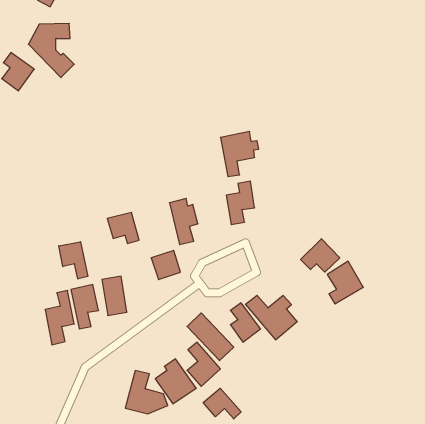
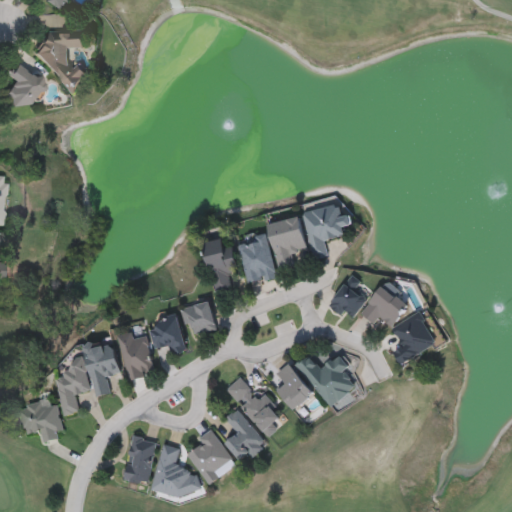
building: [220,132,259,177] -> [304,204,350,258]
building: none -> [240,238,274,282]
building: [107,213,139,243] -> [148,317,186,354]
building: none -> [327,275,367,316]
building: [59,242,88,279] -> none
building: none -> [16,398,61,441]
building: none -> [124,433,155,484]
building: [203,388,241,419] -> none

